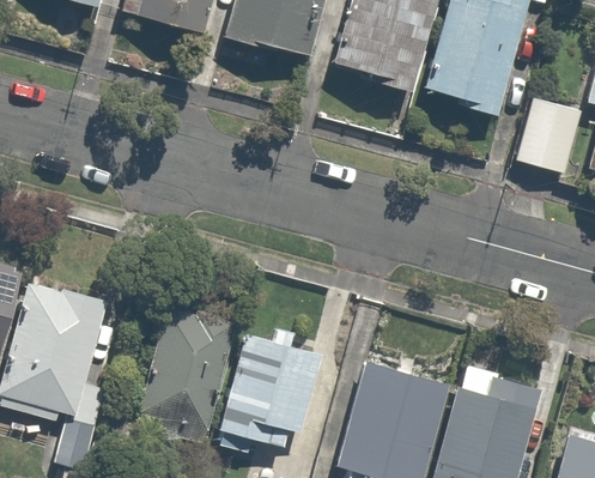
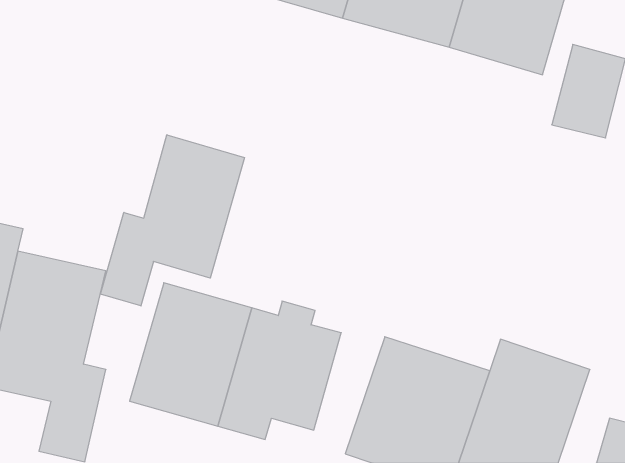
building: none -> [100,135,244,306]

